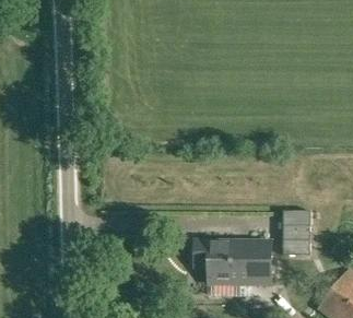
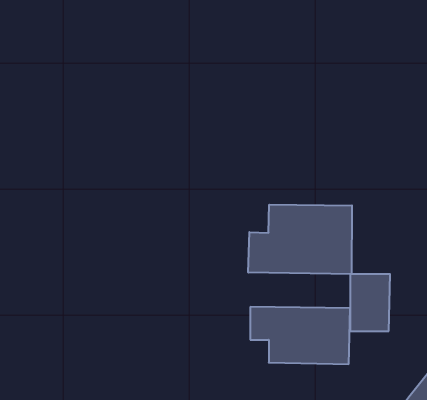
building: none -> [248,205,352,274]

